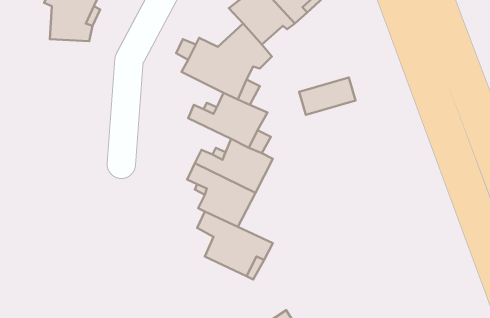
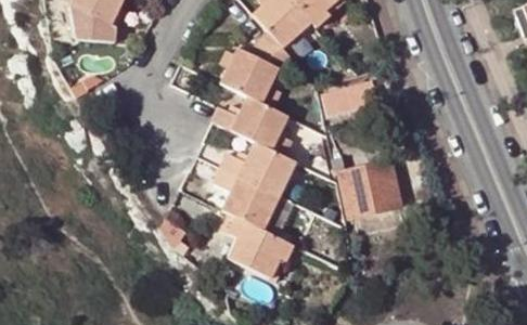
building: none -> [331,155,398,214]

